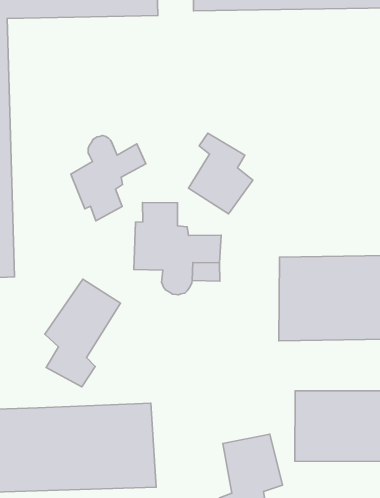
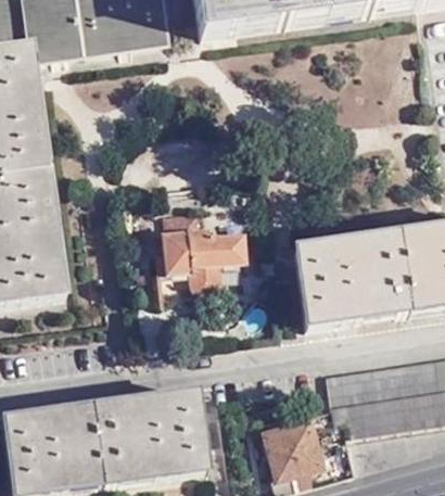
building: [189,133,253,214] -> none
building: [71,135,146,221] -> none
building: [45,279,121,387] -> none

